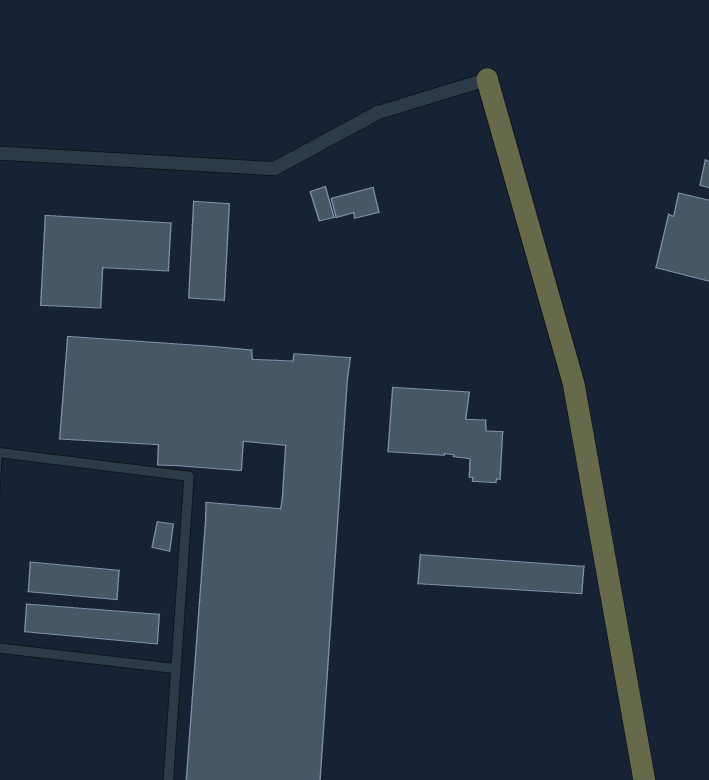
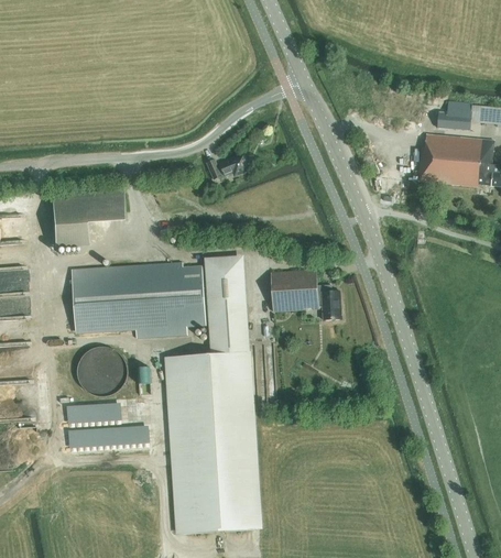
building: [189,201,229,301] -> none
building: none -> [87,349,126,389]
building: [418,554,584,594] -> none

